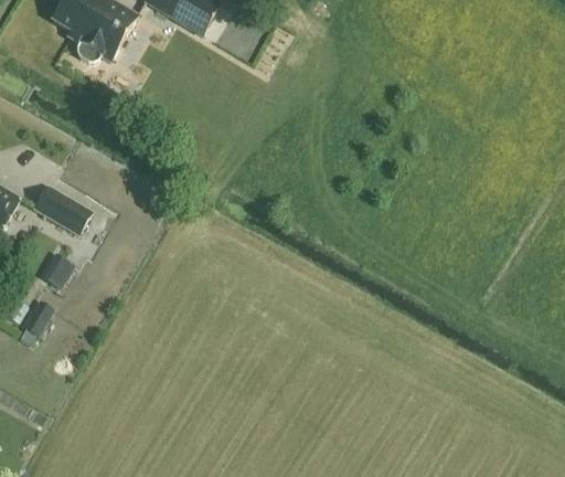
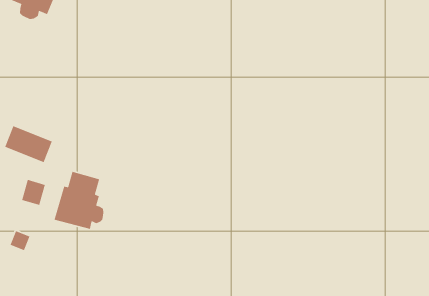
building: none -> [54,171,104,230]

